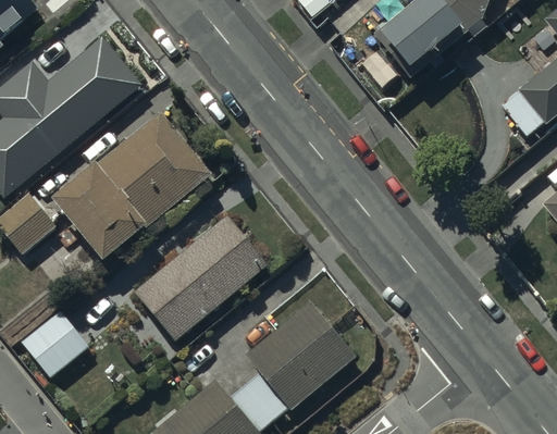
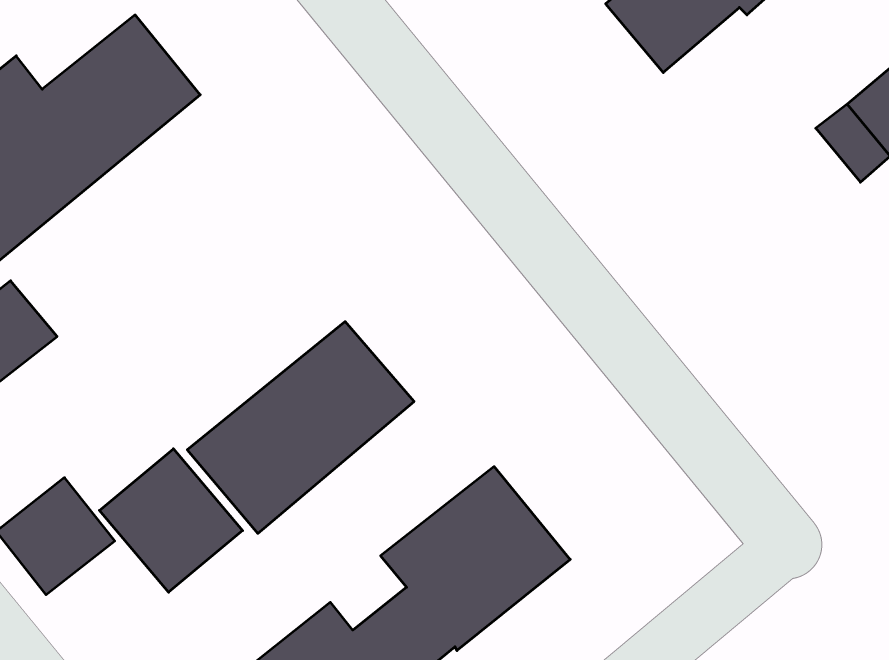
building: [51,111,211,264] -> none
building: none -> [99,449,243,592]

